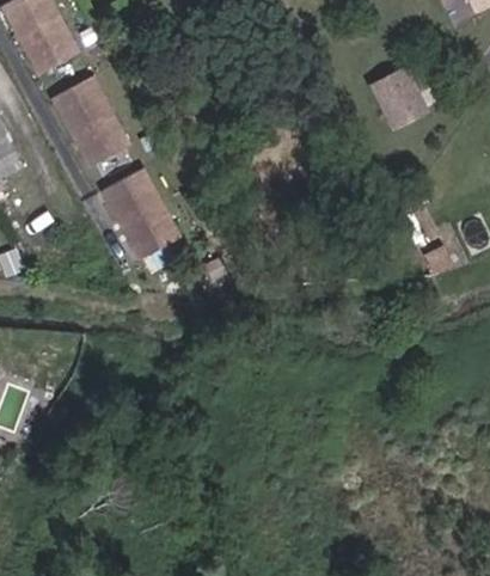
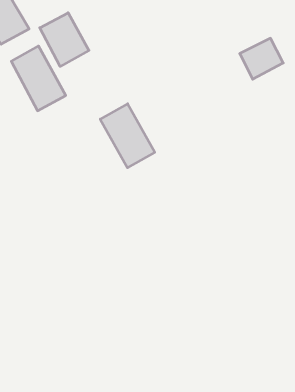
building: none -> [40,13,89,66]
building: [103,167,179,257] -> [100,104,155,168]

